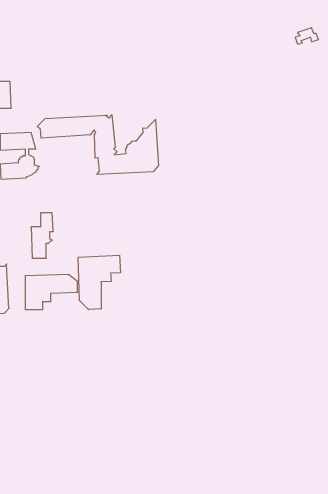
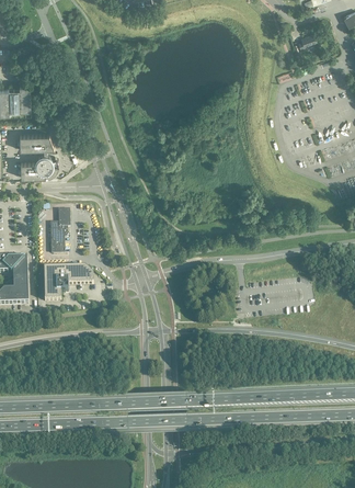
building: [37,115,158,174] -> none
building: [78,255,120,310] -> none

